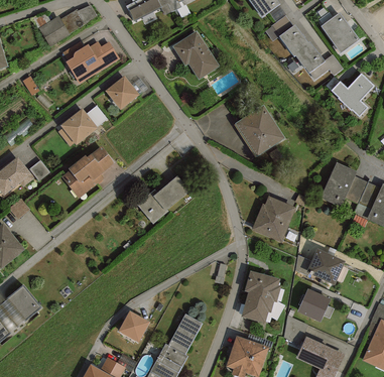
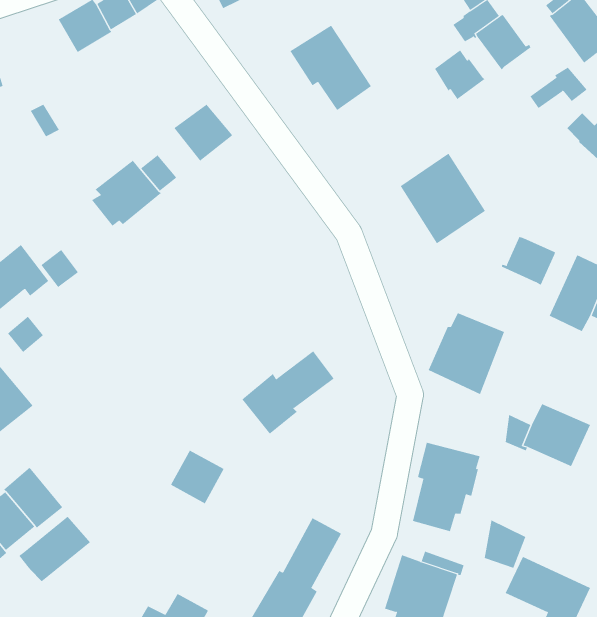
building: [62,40,119,84] -> none
building: [295,43,325,73] -> [434,49,485,100]
building: [61,145,115,198] -> none
building: none -> [501,236,555,286]
building: [136,175,189,224] -> [242,350,334,435]
building: [296,288,330,323] -> none
building: [118,310,149,342] -> [170,450,224,504]
building: none -> [18,516,91,582]

